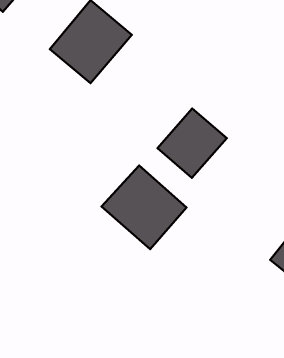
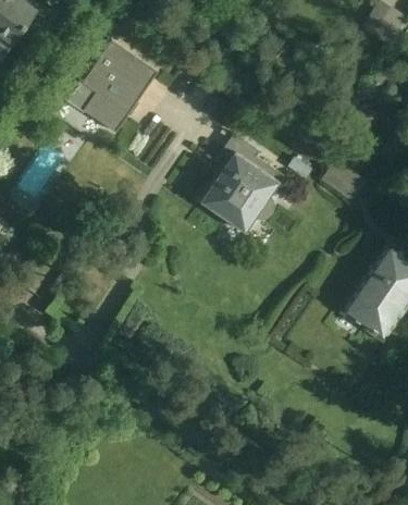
building: [102,166,186,249] -> none

